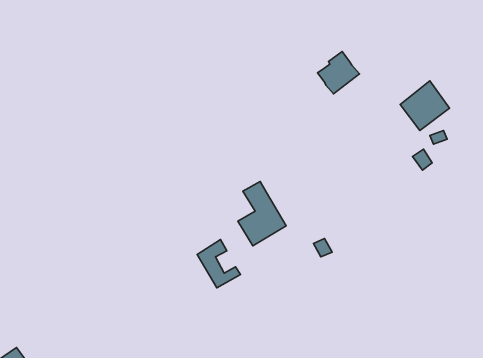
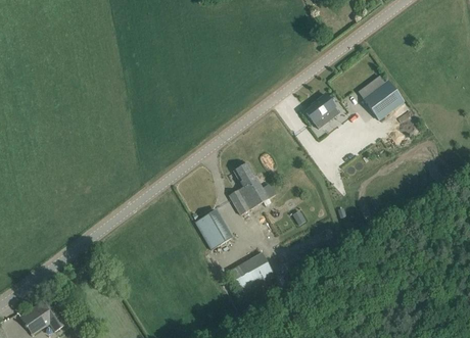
building: [317,52,359,94] -> [306,94,340,129]
building: none -> [230,252,275,293]

